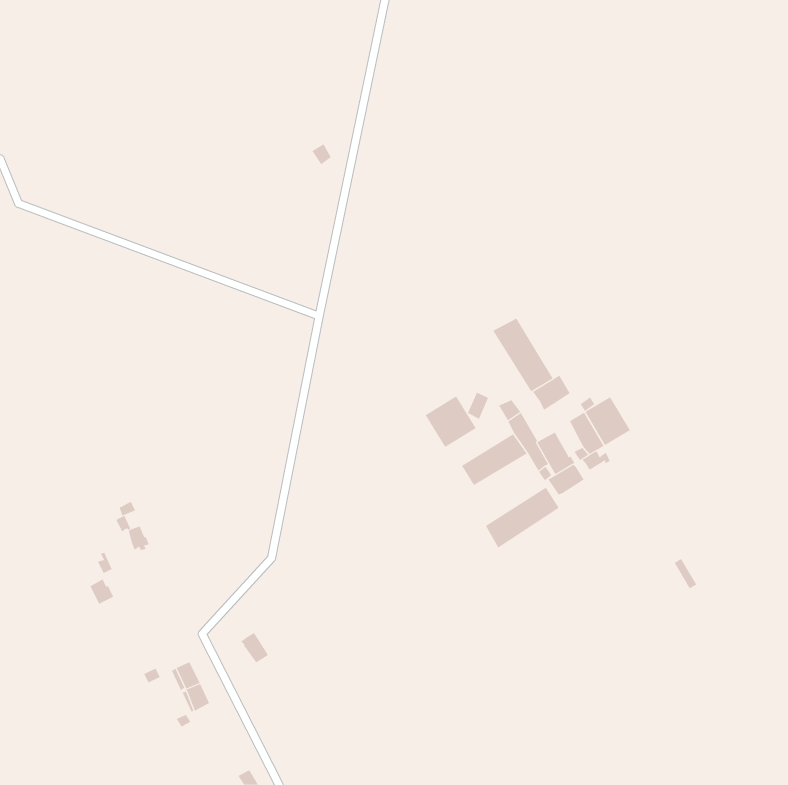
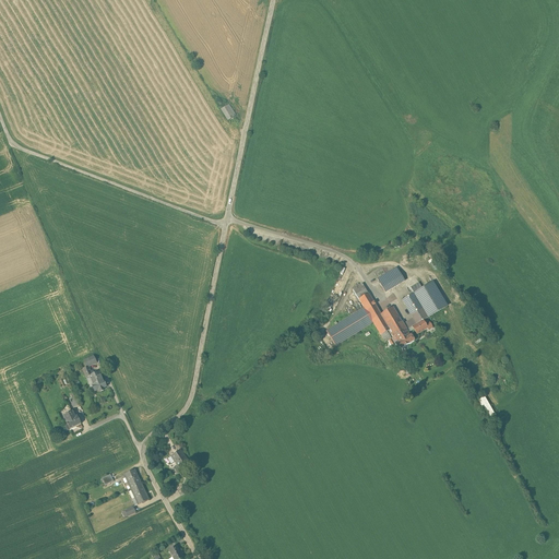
building: [493,318,553,392] -> none
building: [425,395,477,448] -> none
building: [485,487,559,548] -> none

